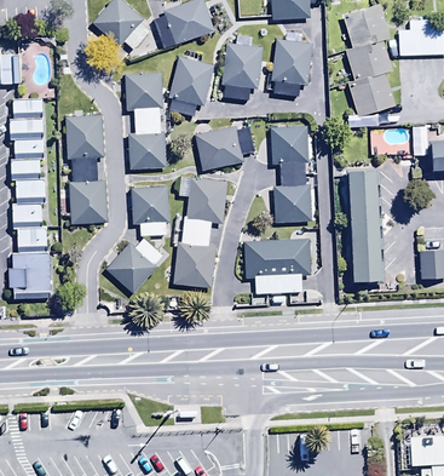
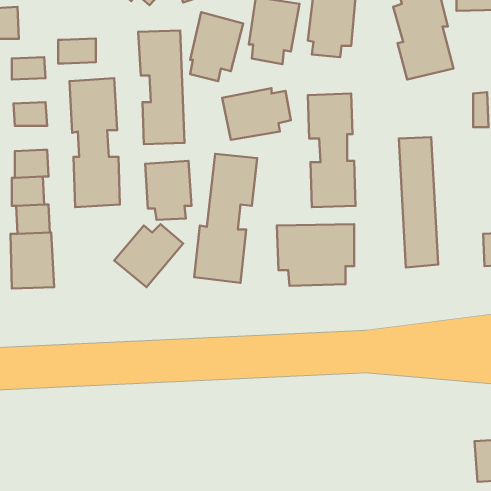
building: [11,114,44,136] -> [58,38,96,64]
building: [12,155,41,177] -> none

